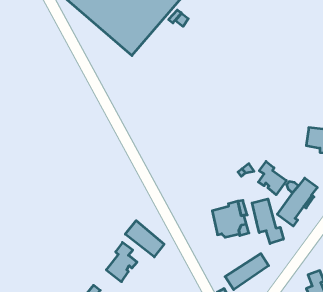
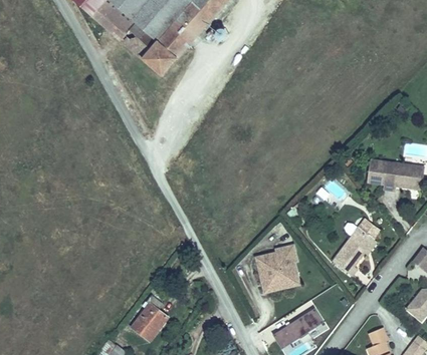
building: [258,161,286,195] -> none
building: [252,199,283,244] -> none
building: [125,221,164,257] -> none

